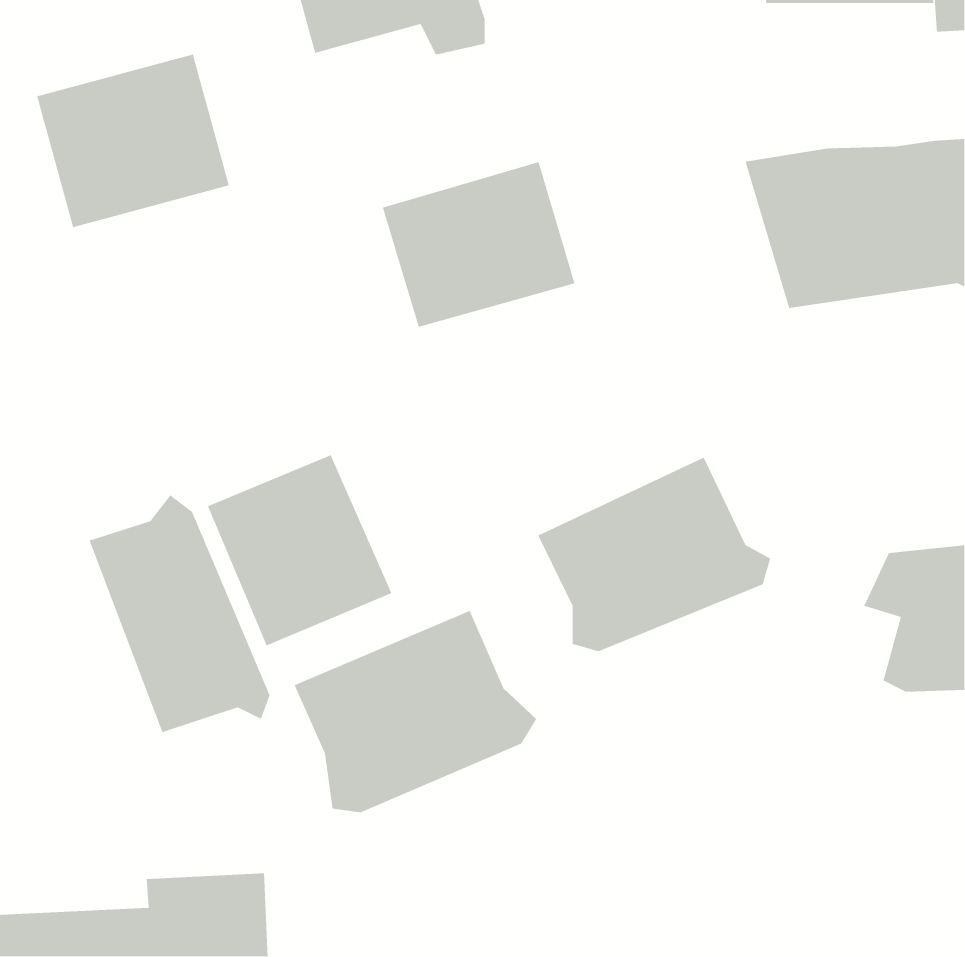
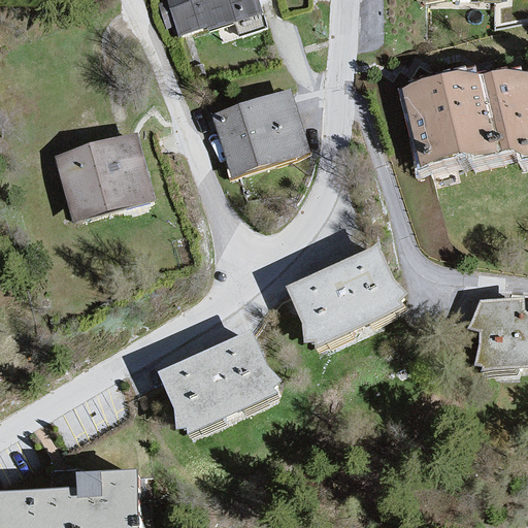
building: [36,54,230,228] -> [48,128,153,222]
building: [207,454,392,646] -> none
building: [89,494,271,733] -> none

